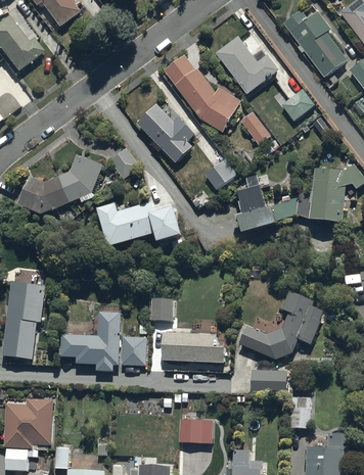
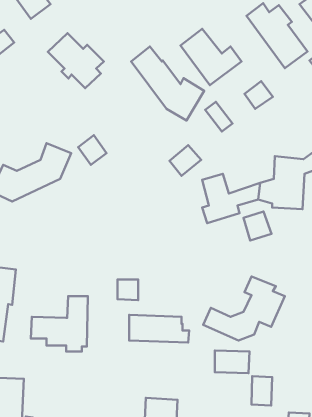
building: [137,104,195,161] -> [48,33,104,88]
building: [96,200,182,247] -> none
building: none -> [243,212,272,240]
building: [122,335,148,365] -> none

